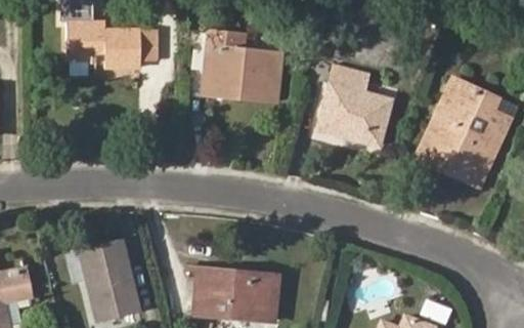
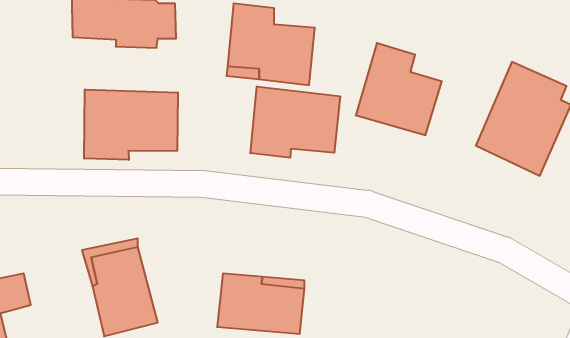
building: none -> [250,86,340,158]
building: none -> [84,89,178,160]

